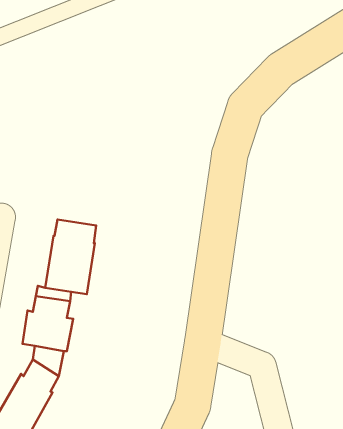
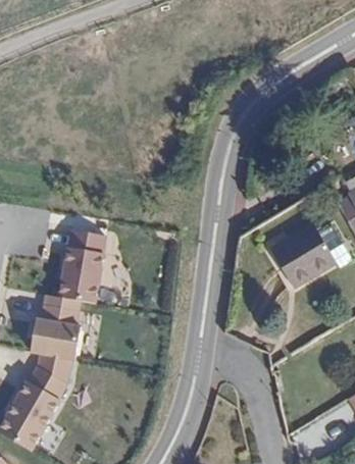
building: none -> [272,222,340,286]

